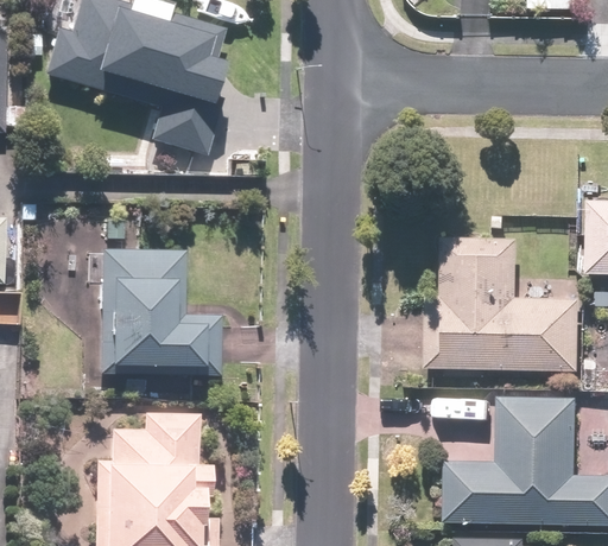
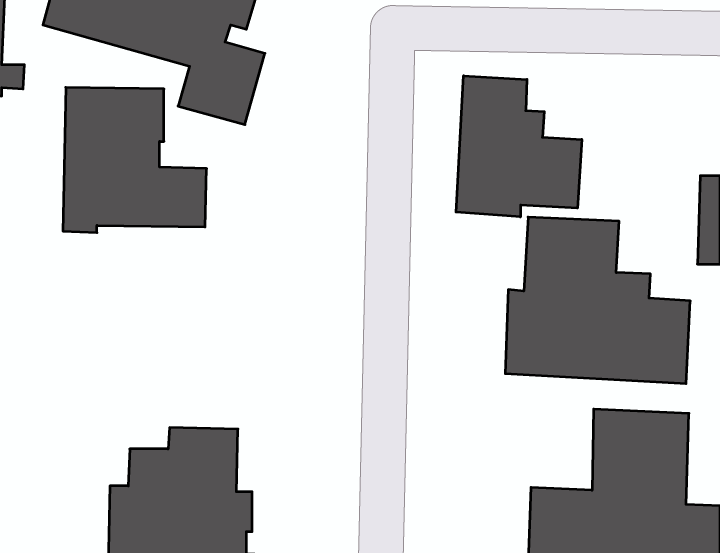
building: none -> [456,76,582,217]
building: [100,250,220,372] -> [63,87,207,233]

